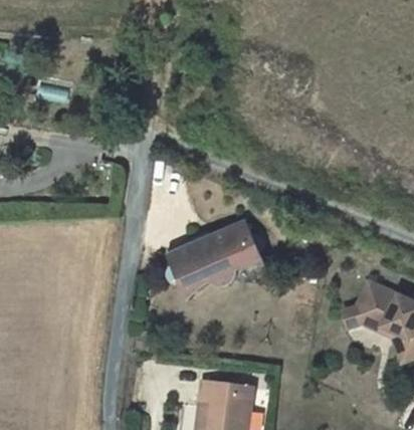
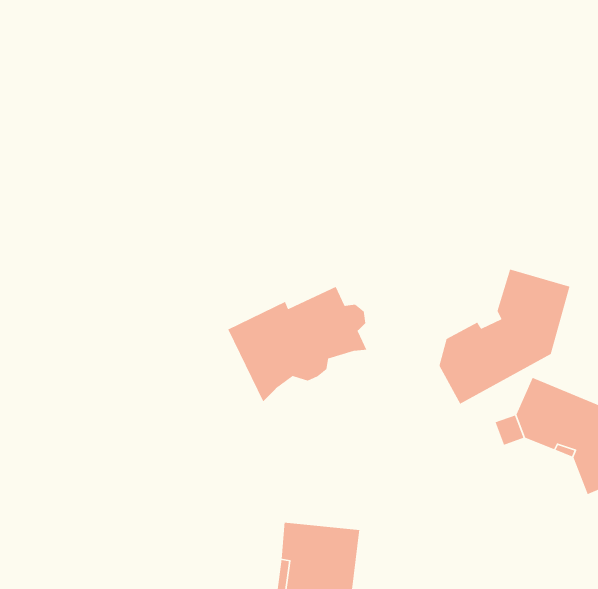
building: none -> [438,268,571,405]

